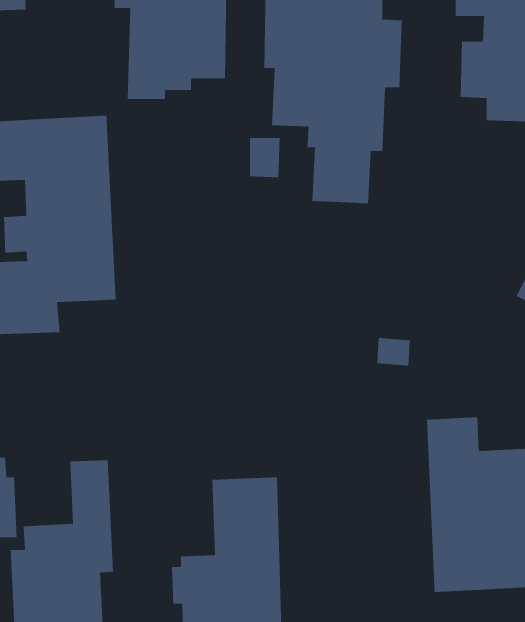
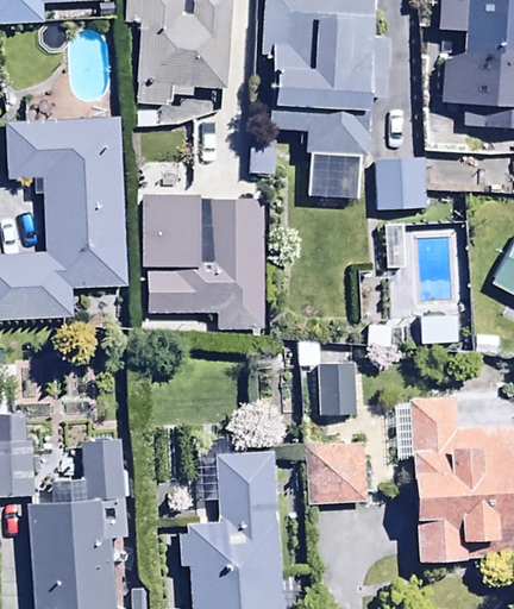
building: none -> [375,157,430,209]
building: none -> [142,192,264,327]
building: none -> [296,343,356,417]
building: none -> [306,442,366,501]

